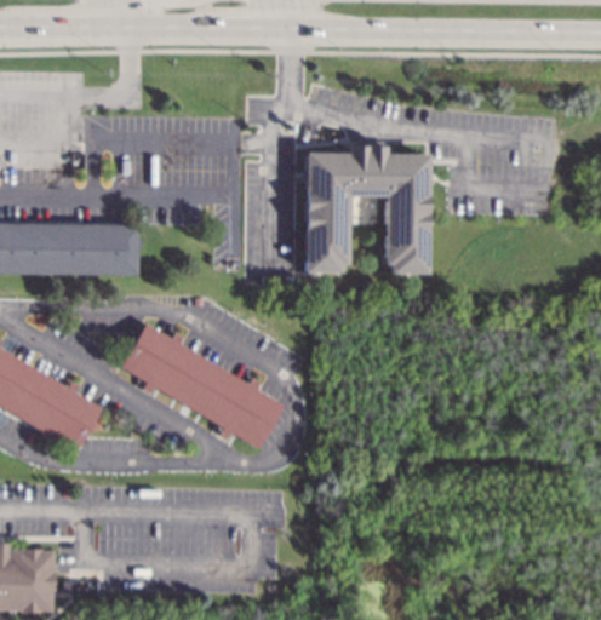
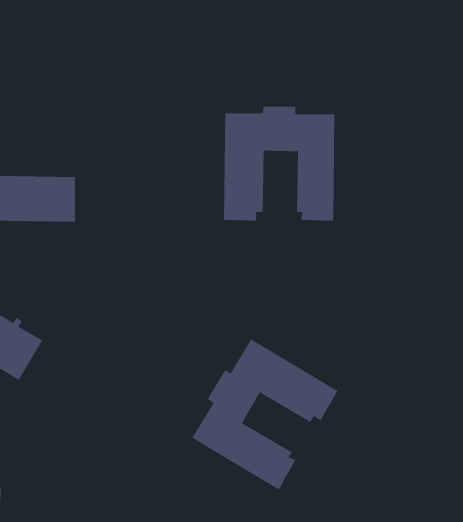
building: [120,323,285,450] -> none
building: none -> [191,338,338,490]

